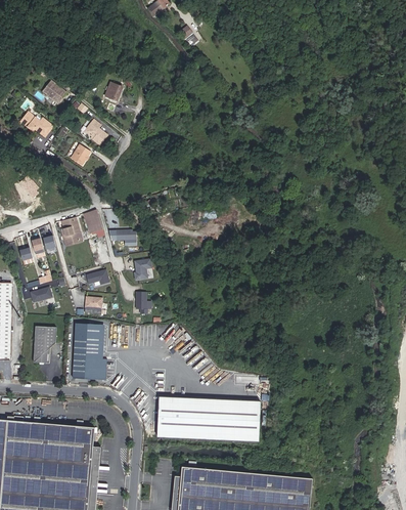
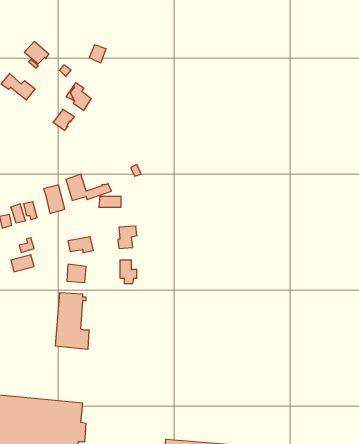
building: [33,326,56,364] -> none
building: [157,396,261,439] -> none

